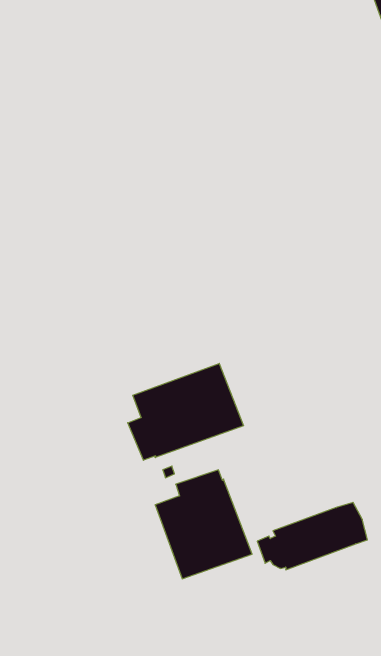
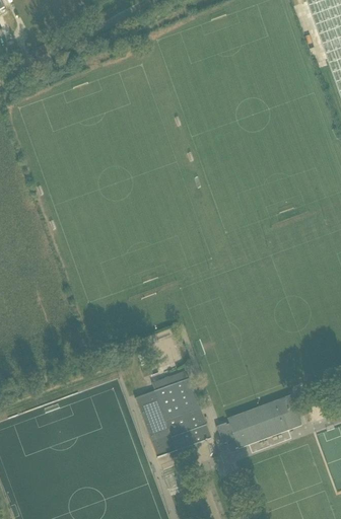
building: [128,363,244,460] -> none

